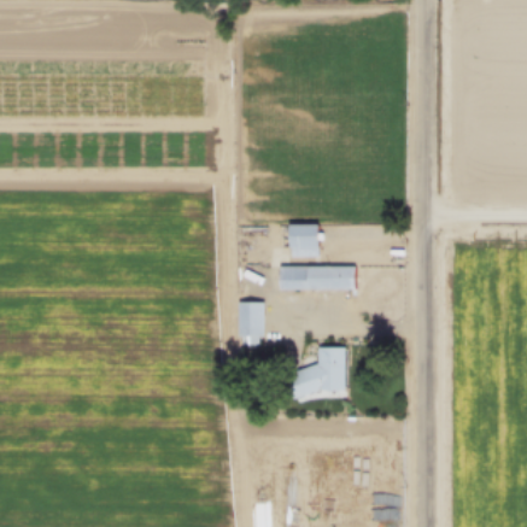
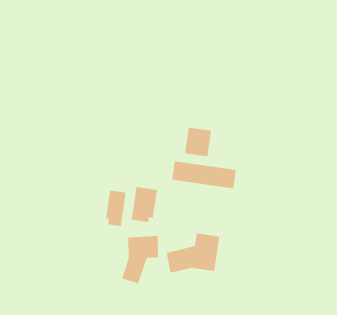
building: none -> [105,190,126,227]
building: none -> [121,235,159,284]

